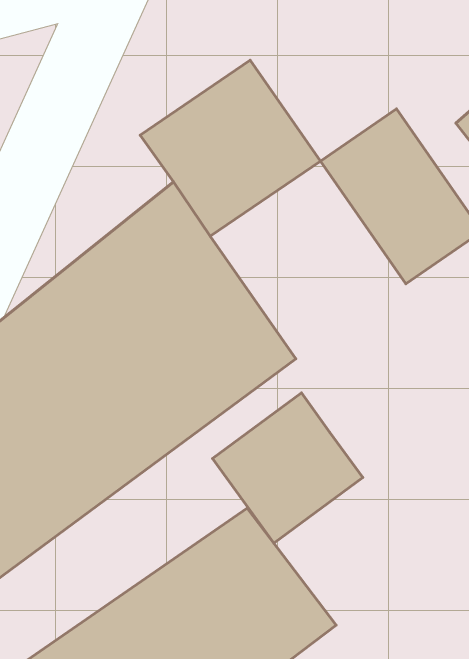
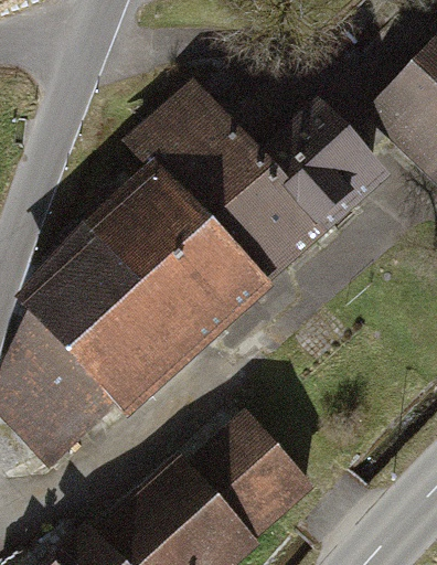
building: none -> [192,139,344,291]
building: [213,393,363,543] -> none

